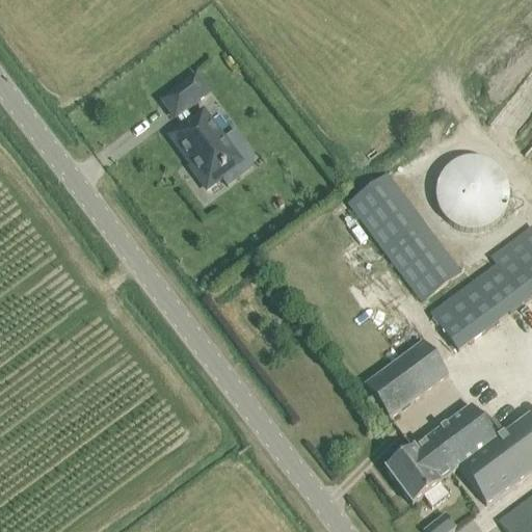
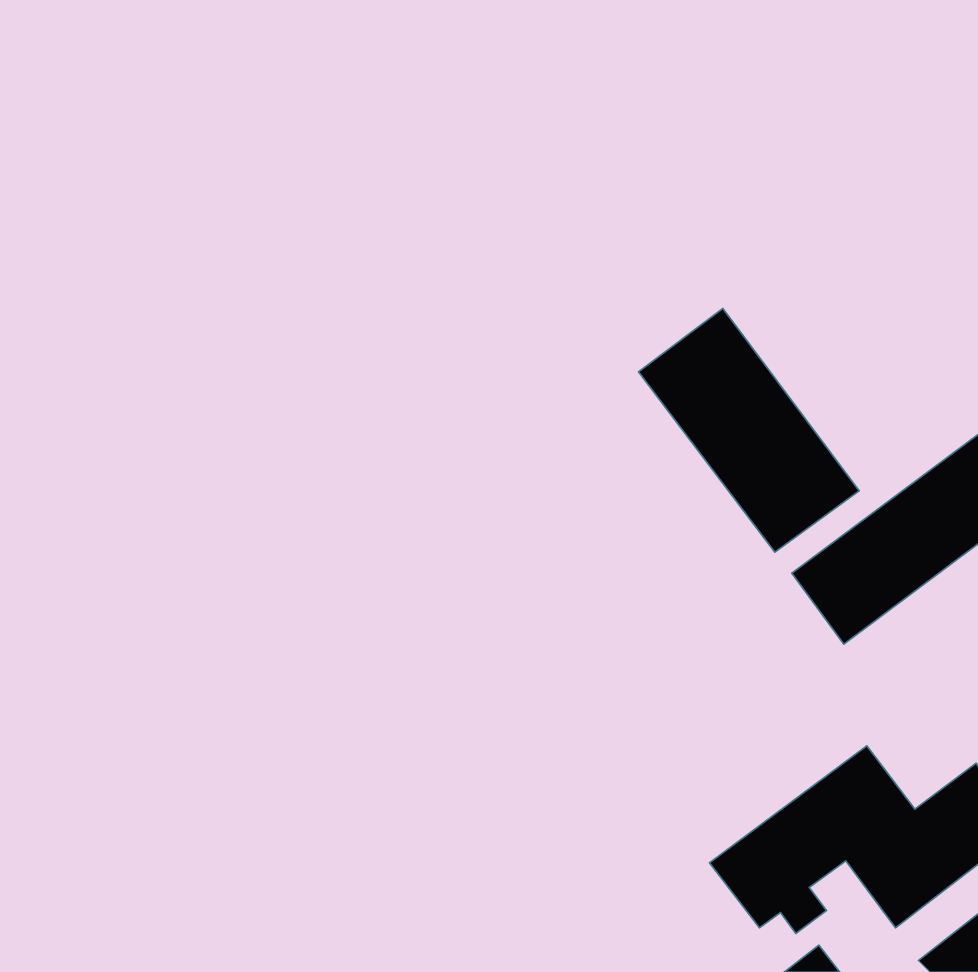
building: [163,74,239,187] -> none
building: [433,152,509,228] -> none
building: [365,340,449,418] -> none

